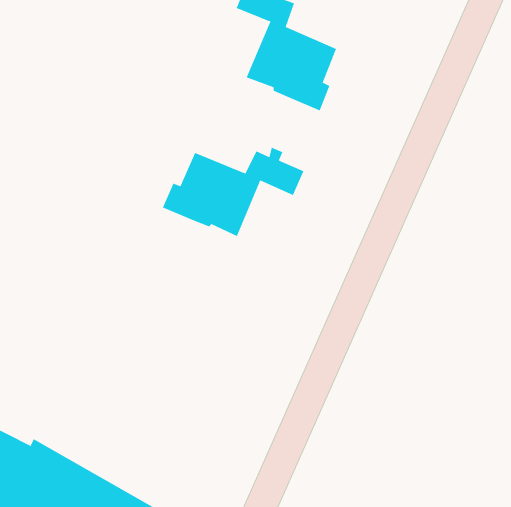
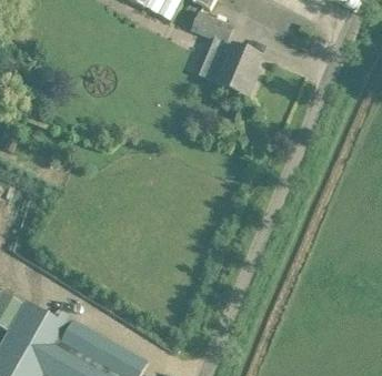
building: [162,147,304,237] -> none

